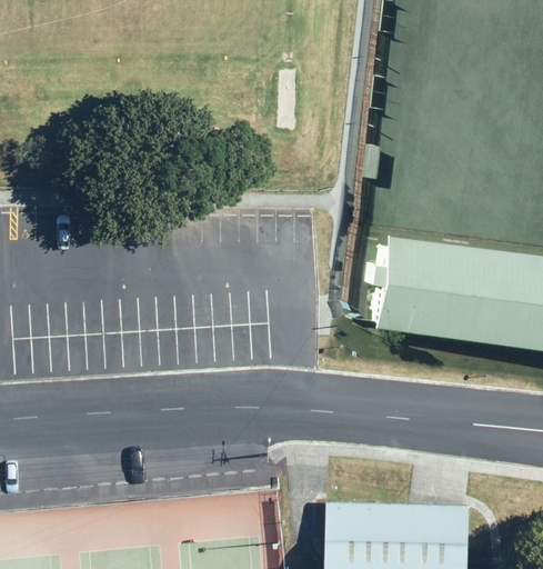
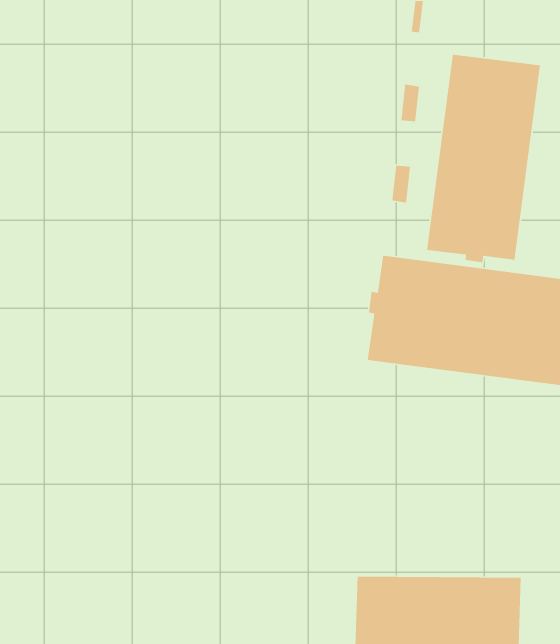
building: none -> [426,54,541,263]

